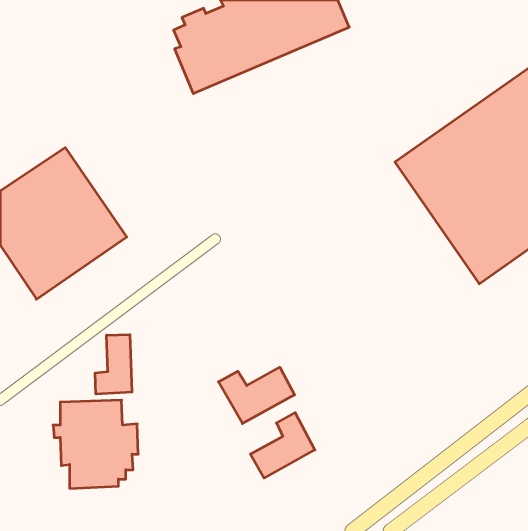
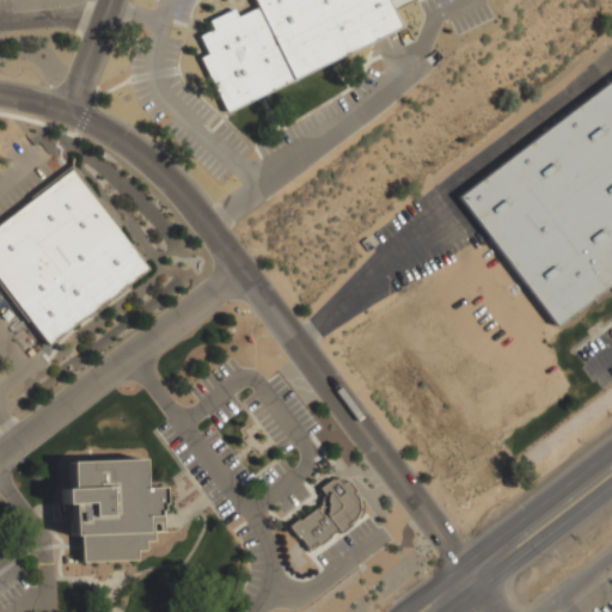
building: [95,335,132,394] -> none
building: [218,367,295,424] -> none

